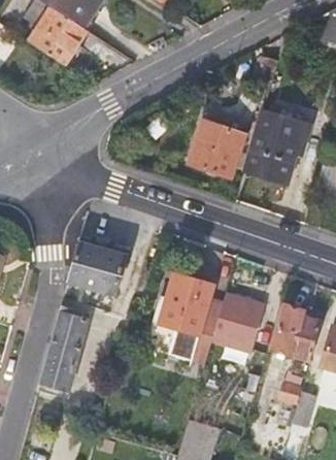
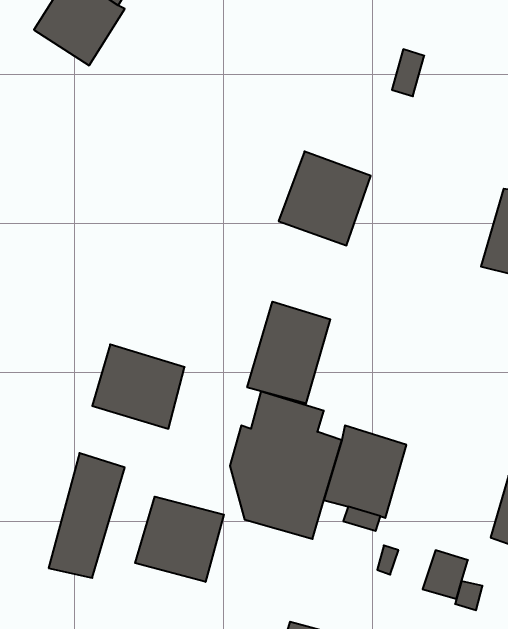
building: [244,111,310,184] -> none
building: none -> [247,302,330,404]
building: [271,305,323,360] -> none
building: none -> [135,497,224,582]

